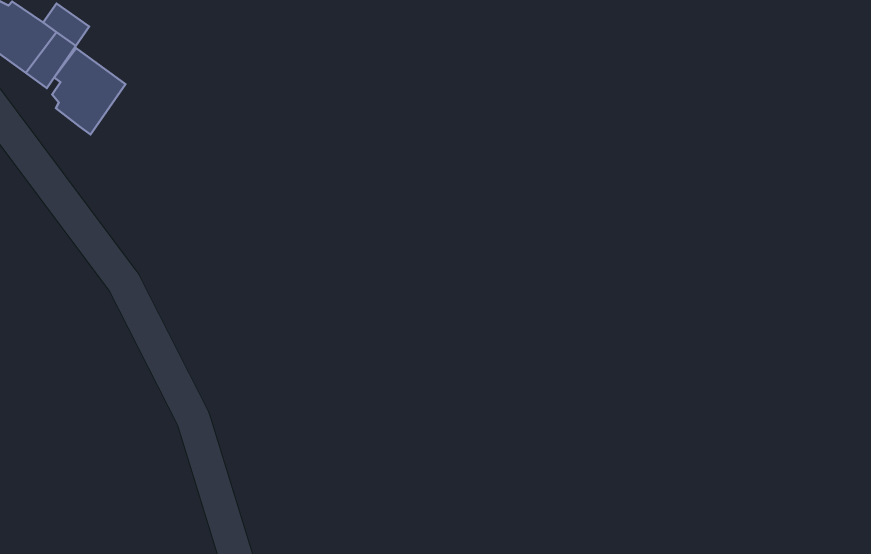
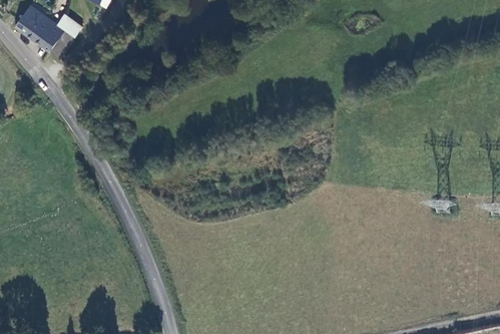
building: [52,48,126,134] -> none

